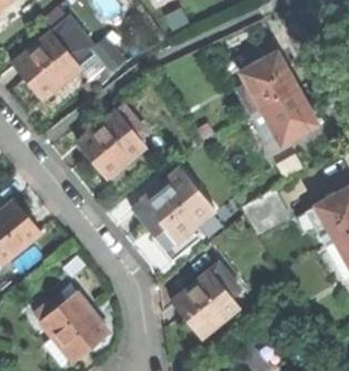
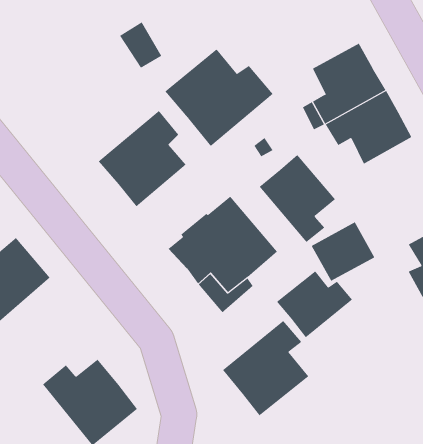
building: [13,26,80,100] -> none
building: none -> [164,49,274,147]
building: none -> [259,154,336,243]
building: none -> [276,271,353,338]

